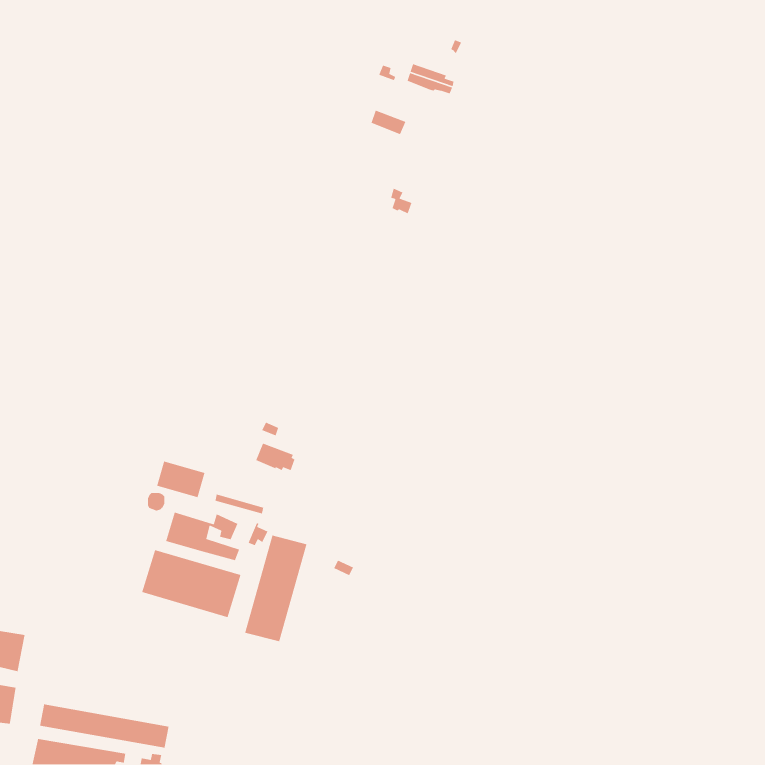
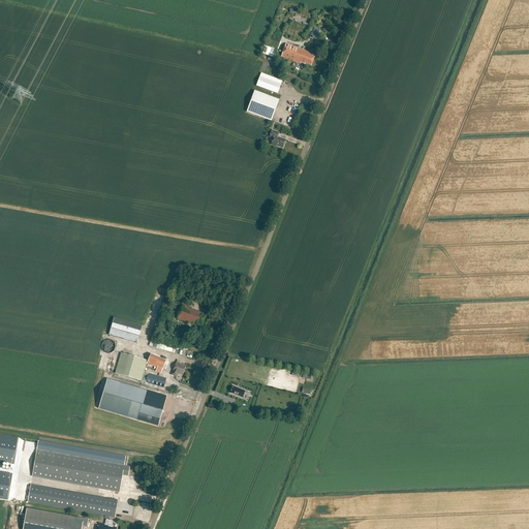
building: none -> [246,91,278,120]
building: [244,535,307,642] -> none
building: none -> [31,440,128,491]

